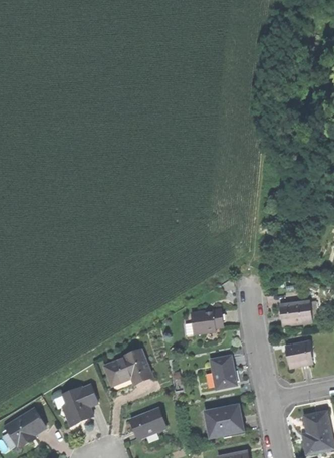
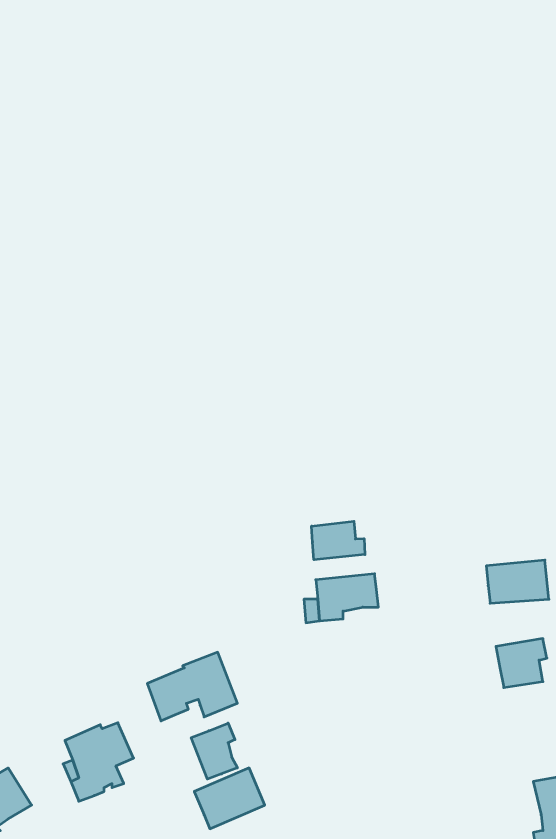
building: none -> [312,521,365,560]
building: [210,355,237,387] -> none
building: none -> [191,723,237,779]
building: [205,404,243,436] -> none

